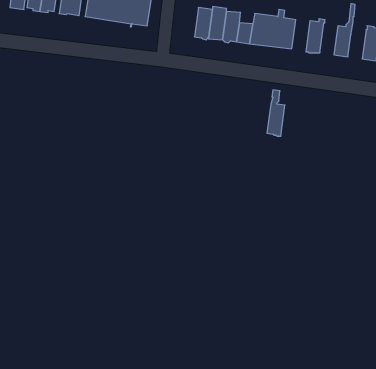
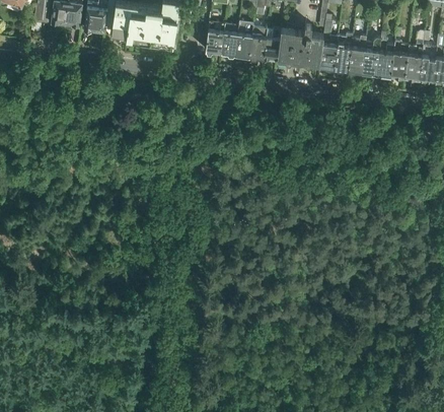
building: none -> [205,22,224,54]
building: none -> [347,38,366,72]
building: none -> [375,46,393,76]
building: [267,90,285,136] -> [318,22,337,69]

